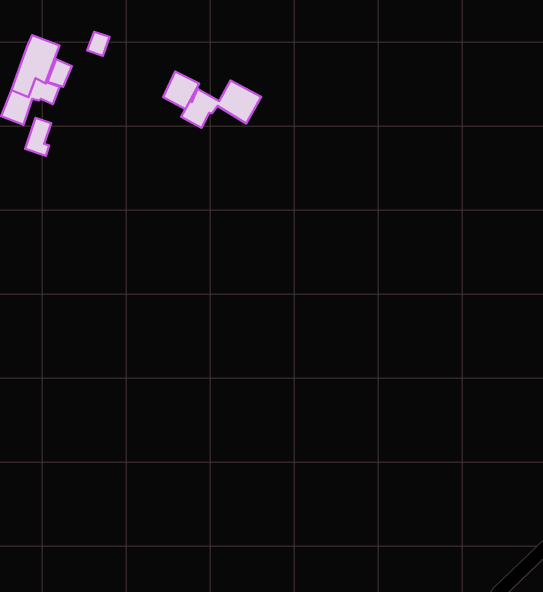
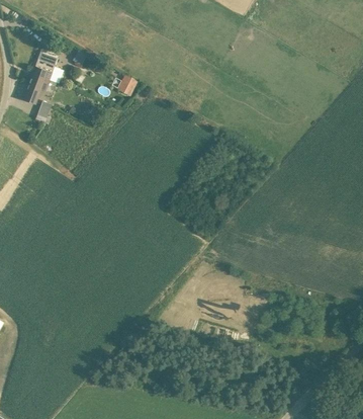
building: [181,80,261,128] -> none

